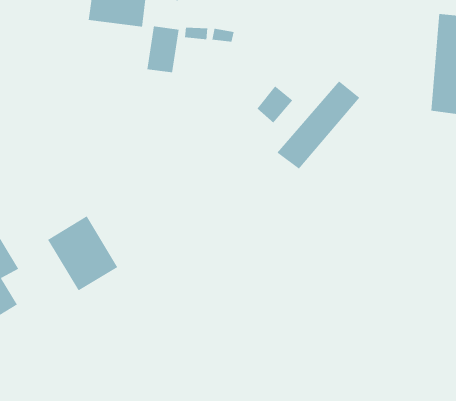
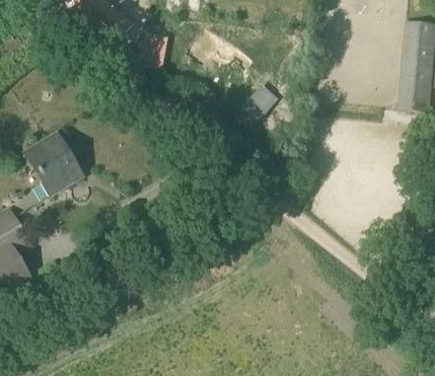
building: [277,81,360,169] -> none
building: [47,216,118,291] -> [22,130,85,197]

